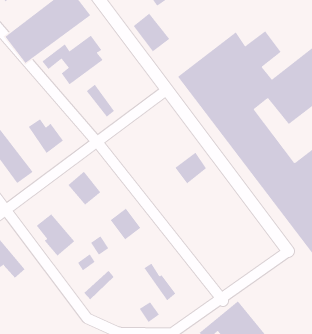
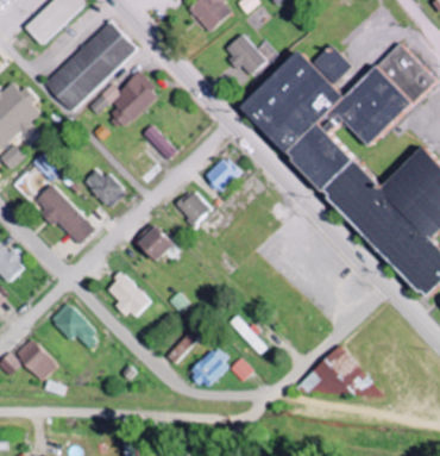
building: [133,13,170,52] -> [226,33,269,76]
building: [174,152,207,184] -> [206,155,241,192]
building: [110,208,141,240] -> [175,189,210,225]
building: none -> [188,346,230,388]

